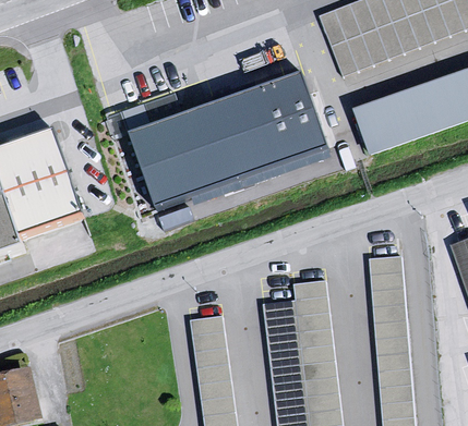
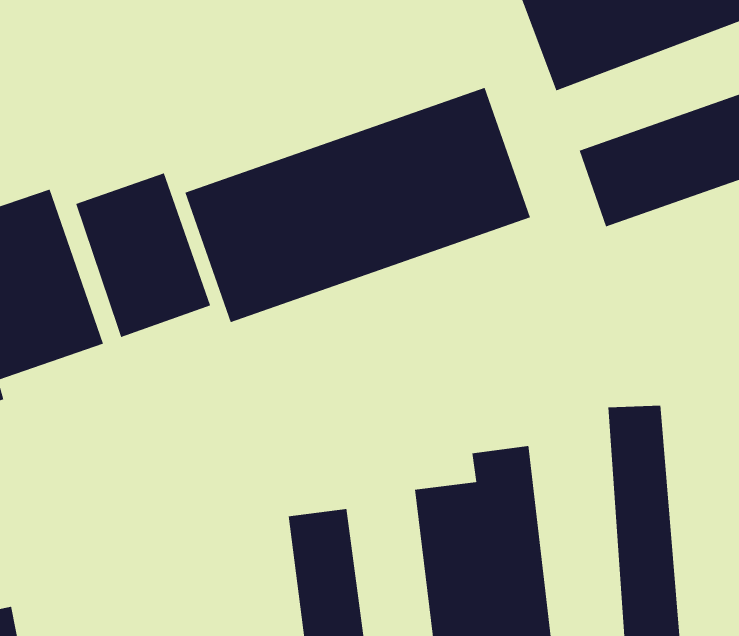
building: none -> [76,172,211,338]

